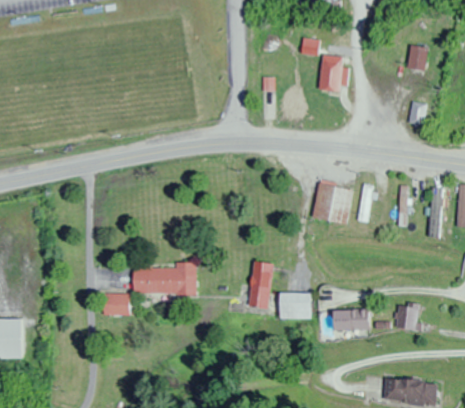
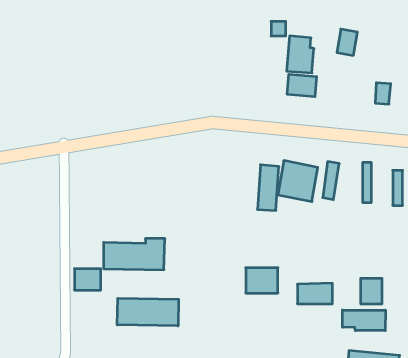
building: [409,44,430,71] -> [337,29,357,55]
building: none -> [287,74,317,97]
building: [249,261,271,308] -> [257,165,279,210]
building: none -> [117,298,179,326]
building: none -> [342,310,385,331]

